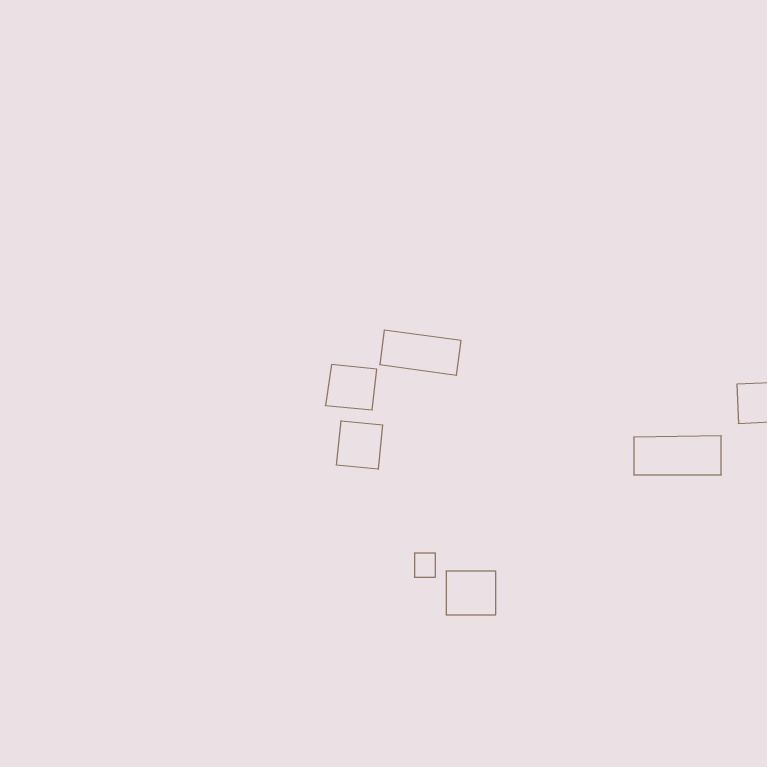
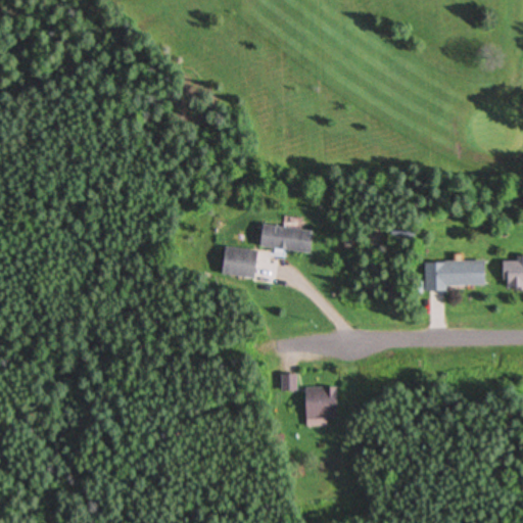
building: [337,421,383,469] -> none
building: [634,436,721,475] -> [425,260,484,287]

